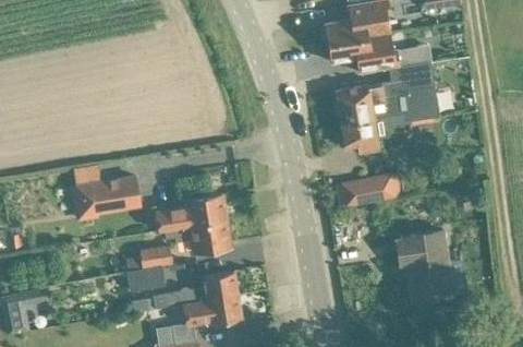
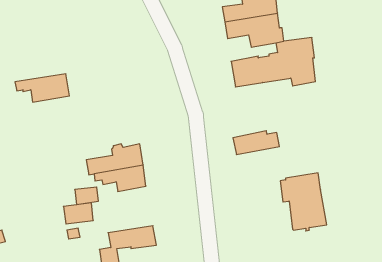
building: [340,111,411,154] -> none
building: [72,177,139,212] -> [15,74,69,102]
building: [151,272,238,308] -> none

